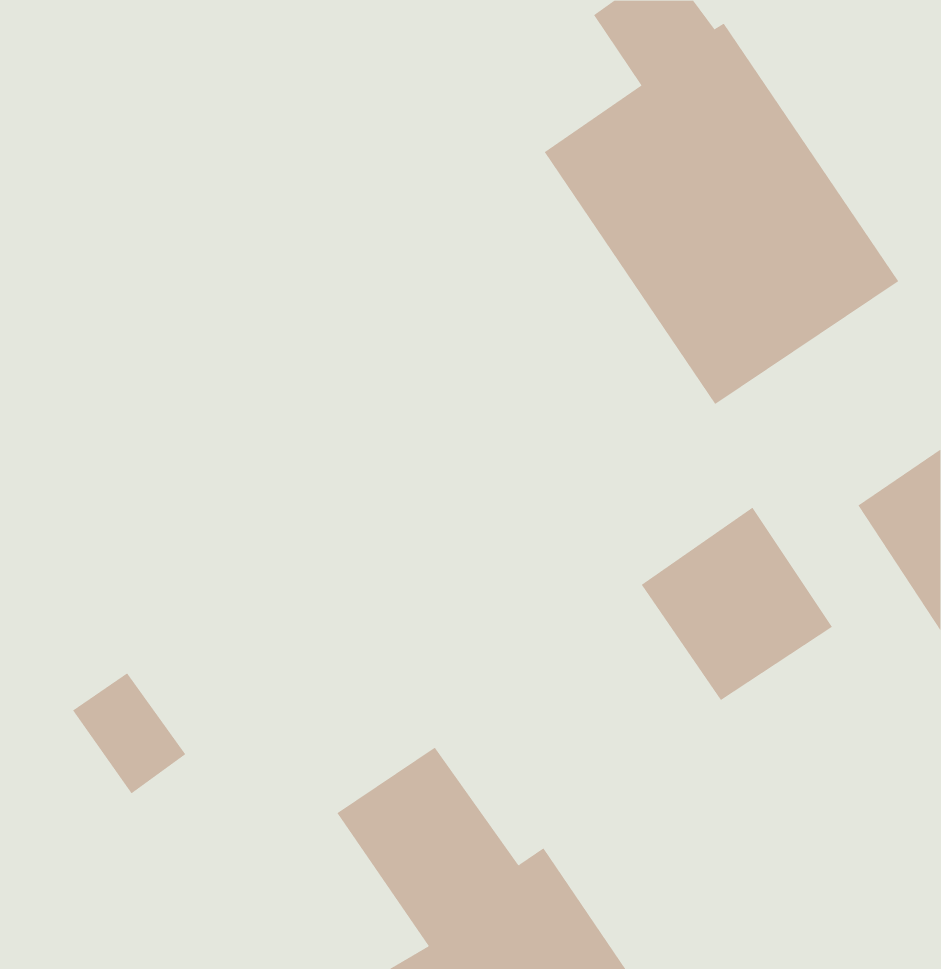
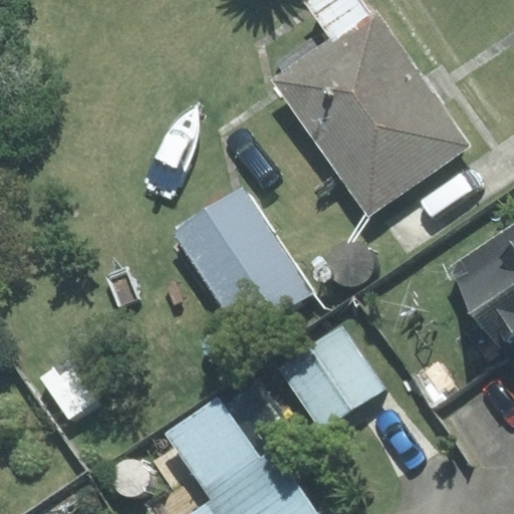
building: none -> [180,191,316,338]
building: [641,507,833,701] -> [282,328,383,431]

